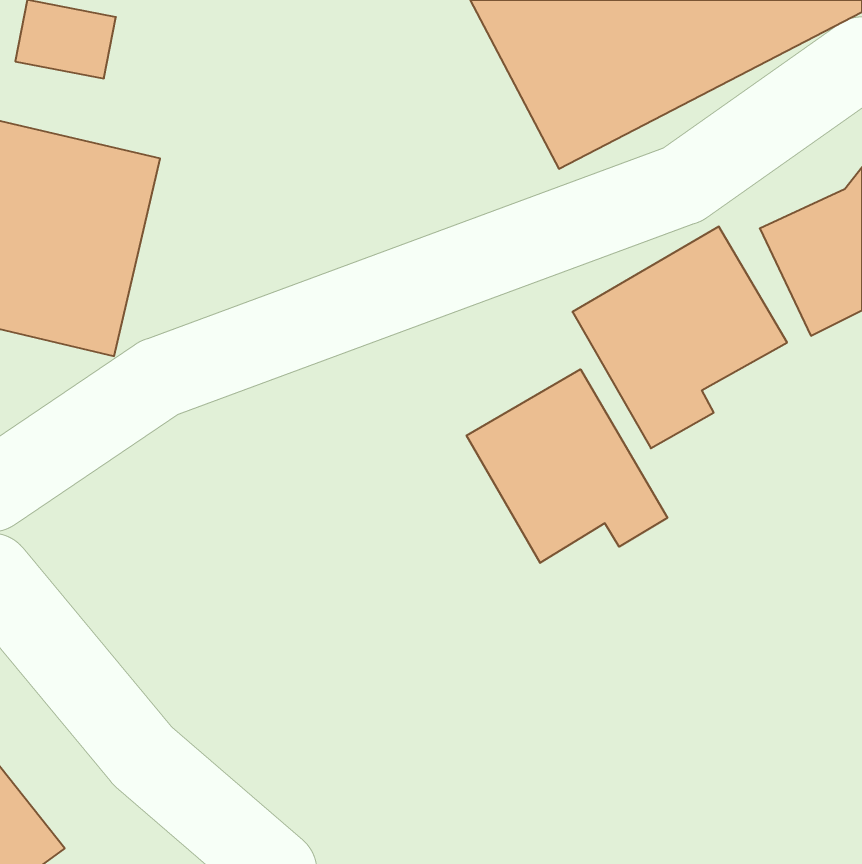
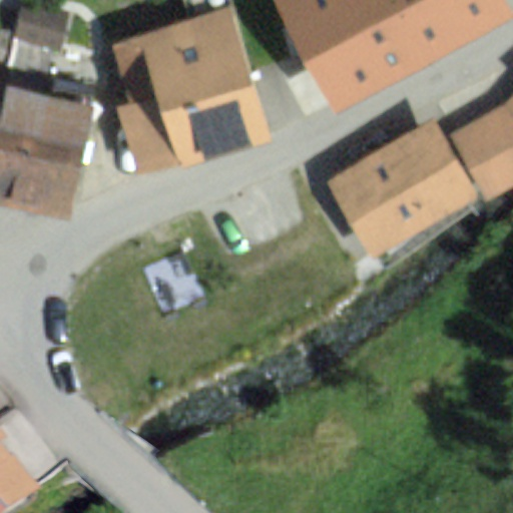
building: none -> [111,9,265,170]
building: [467,369,667,563] -> none

